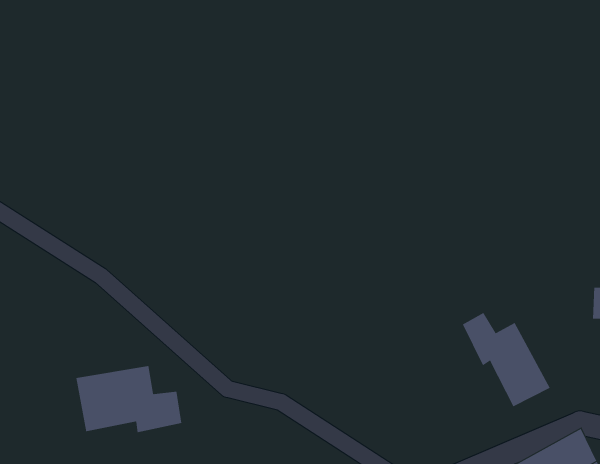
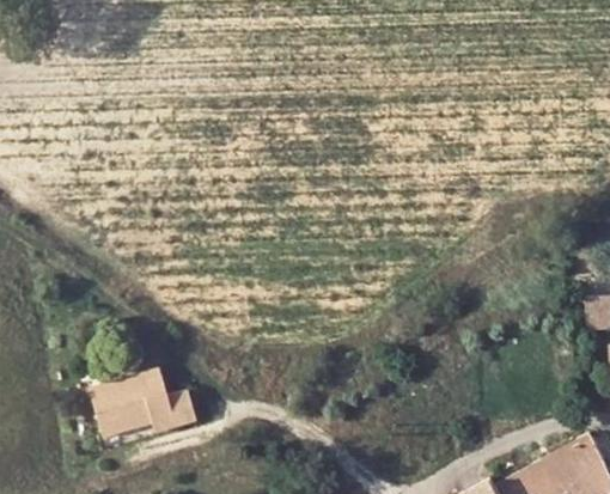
building: [462,312,551,407] -> none

